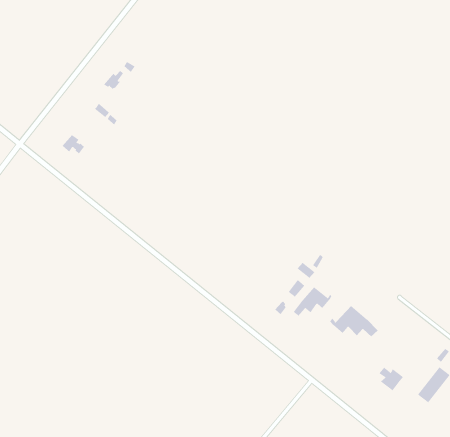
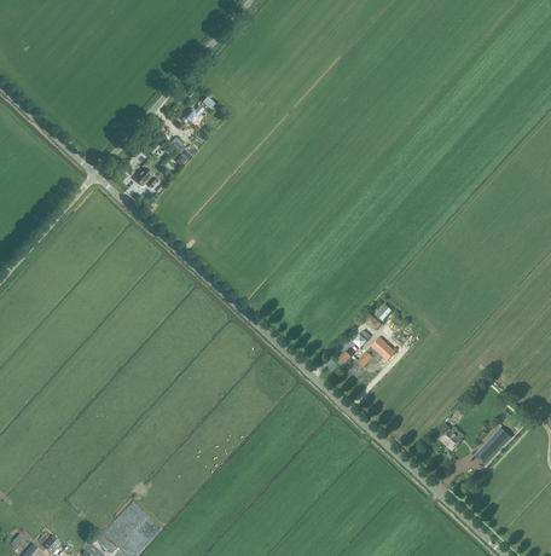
building: [330,305,378,337] -> none

